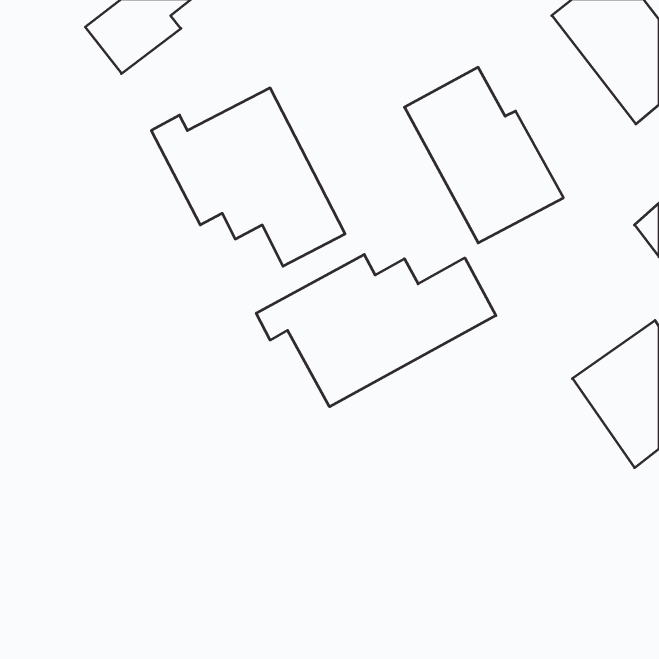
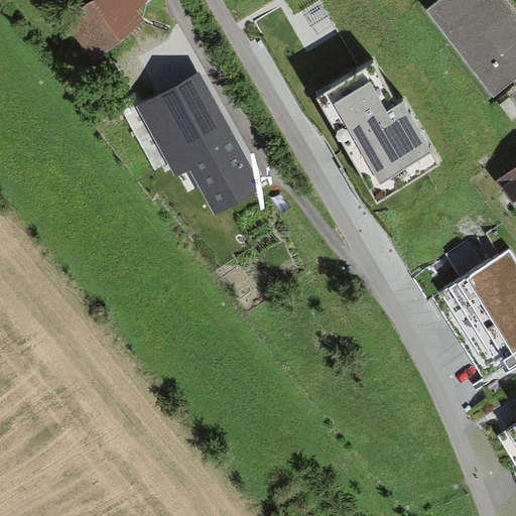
building: [256,254,496,407] -> none

